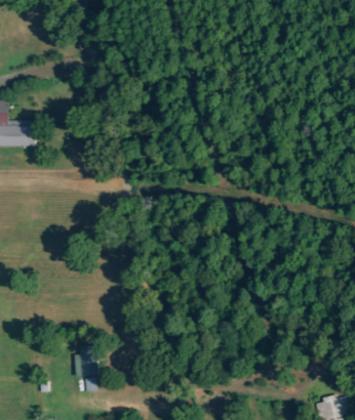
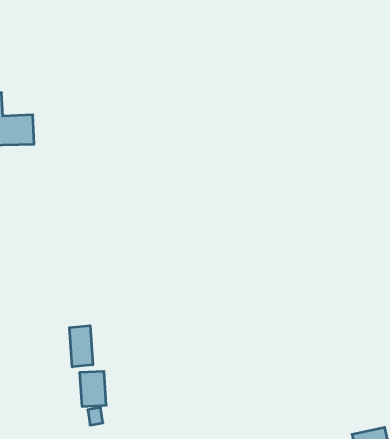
building: none -> [69,326,93,367]

